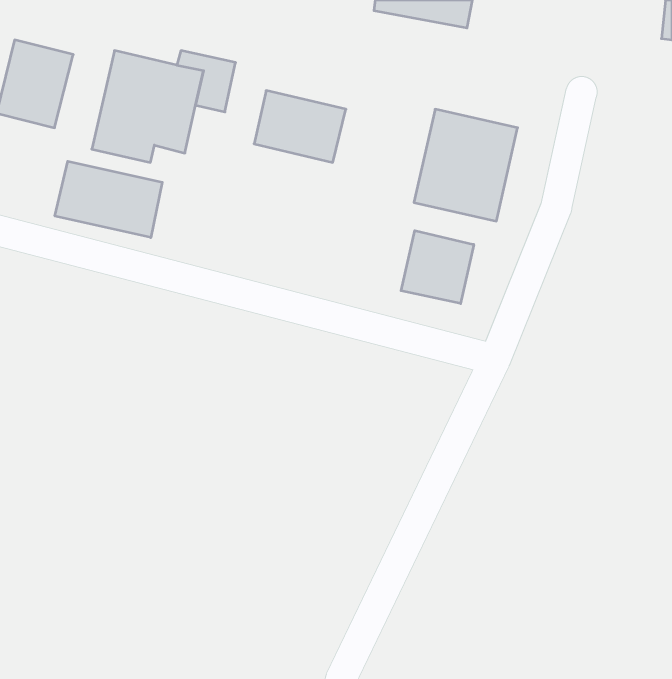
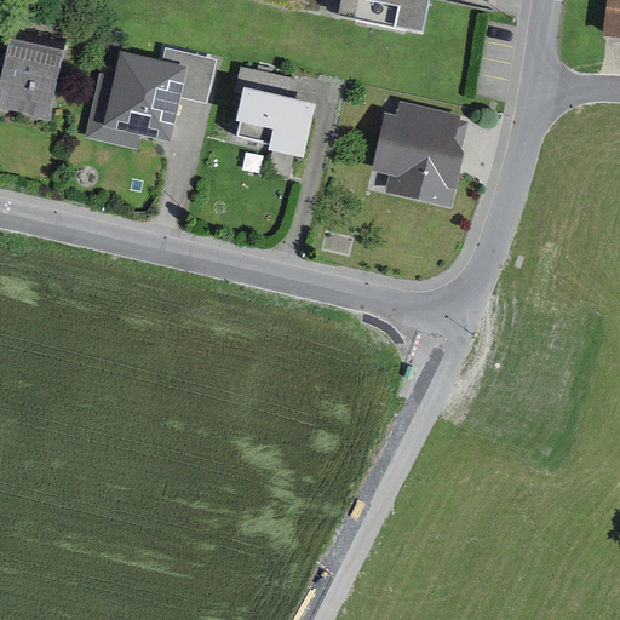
building: [55,161,162,238] -> none
building: [401,231,474,304] -> none

